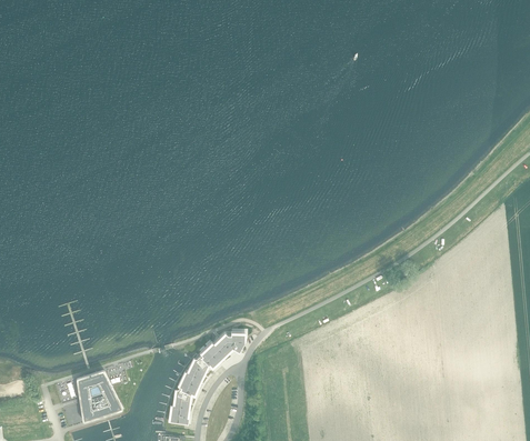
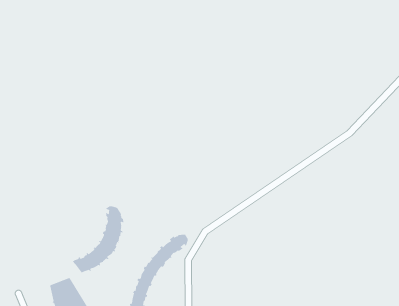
building: none -> [72,205,124,273]

